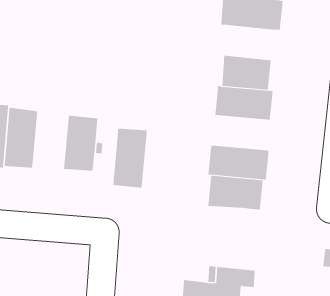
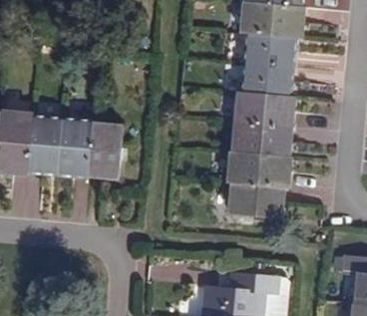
building: none -> [244,31,295,66]
building: none -> [233,121,291,156]
building: [112,128,147,188] -> [53,117,88,178]

